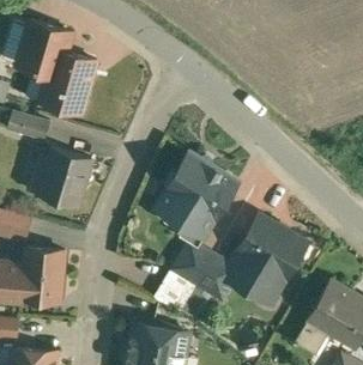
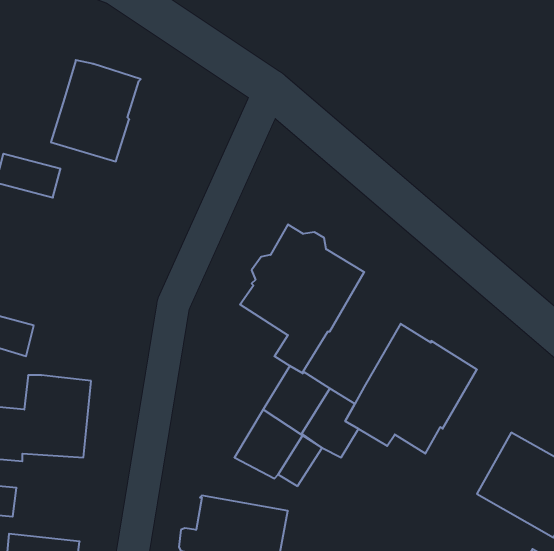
building: [18,22,73,74] -> none
building: [38,147,92,206] -> none

